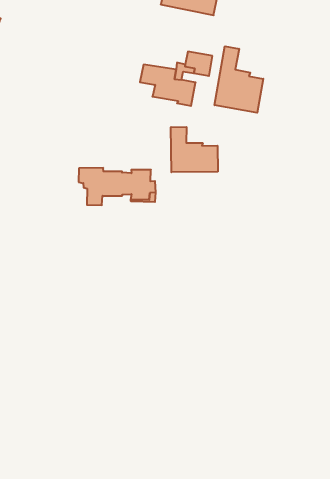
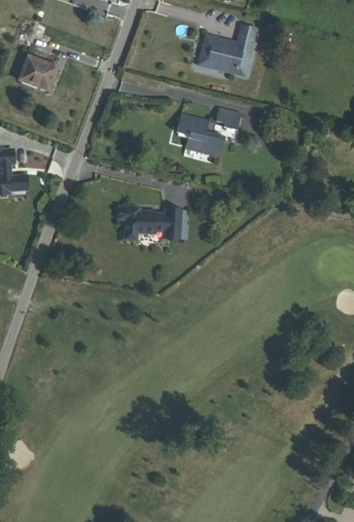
building: [215,46,263,113] -> none
building: [171,127,218,172] -> none

